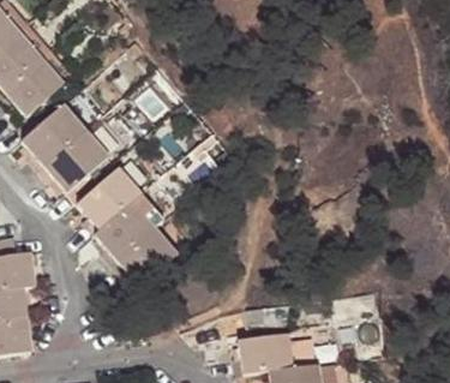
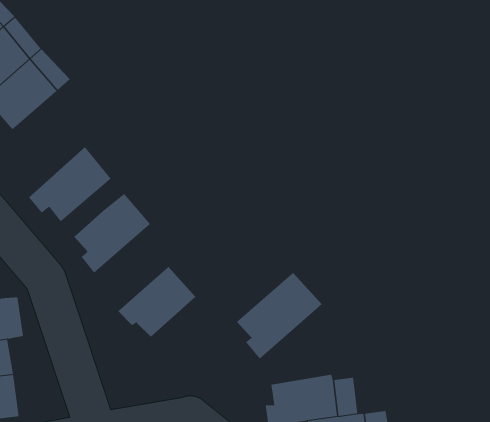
building: [19,104,84,172] -> none
building: [91,193,162,265] -> [236,272,322,360]

